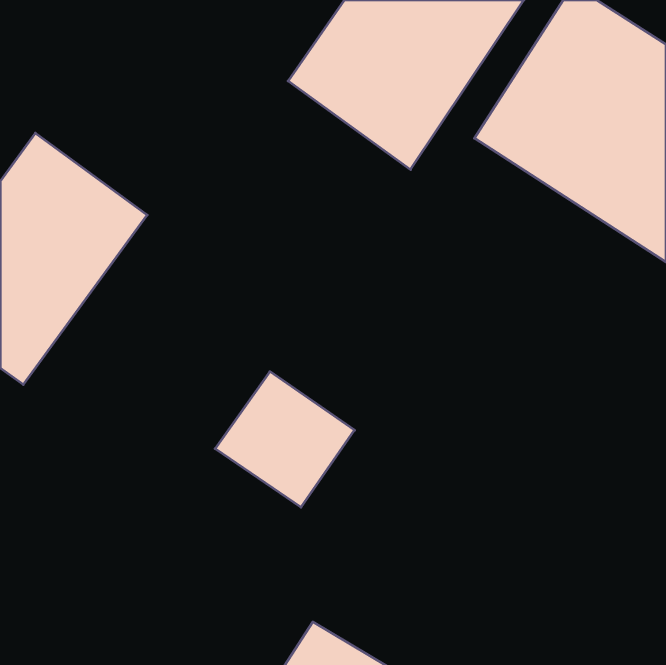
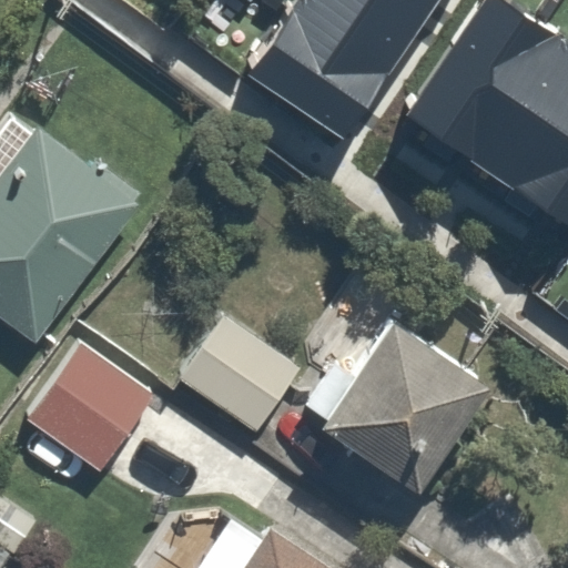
building: none -> [326,314,518,510]
building: none -> [33,344,152,460]

